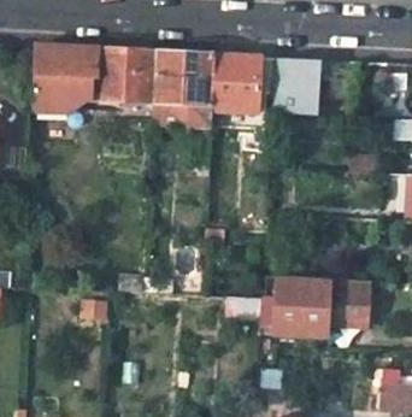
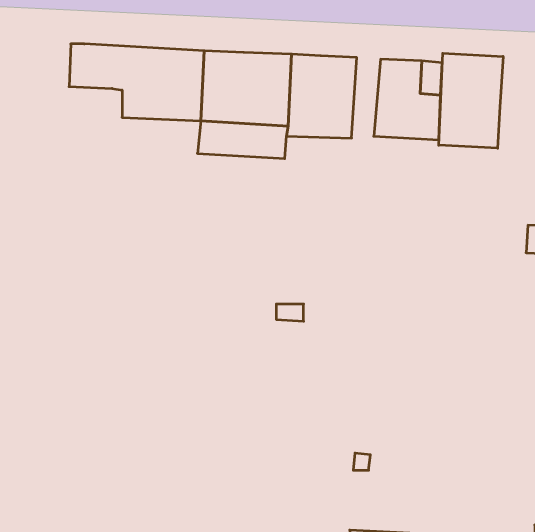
building: [30,46,88,113] -> none
building: none -> [439,53,503,148]
building: [260,274,369,334] -> none

